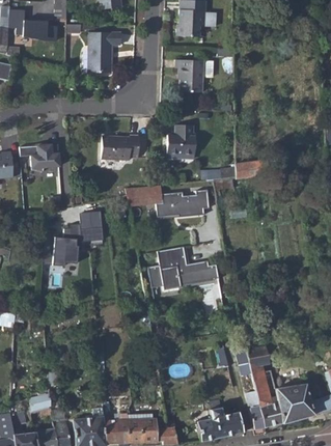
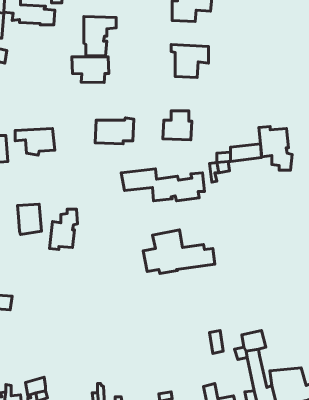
building: none -> [72,57,109,83]
building: none -> [259,126,292,170]
building: [80,213,104,243] -> [17,204,41,234]

